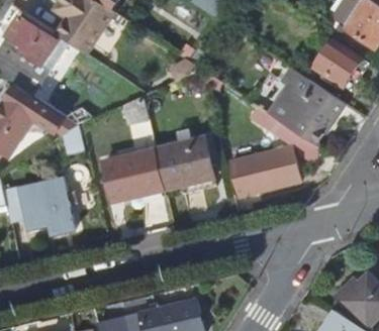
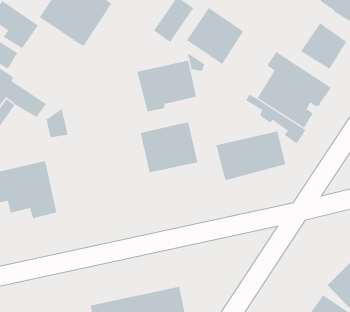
building: none -> [186,7,244,65]
building: [103,149,163,201] -> [137,60,197,112]

